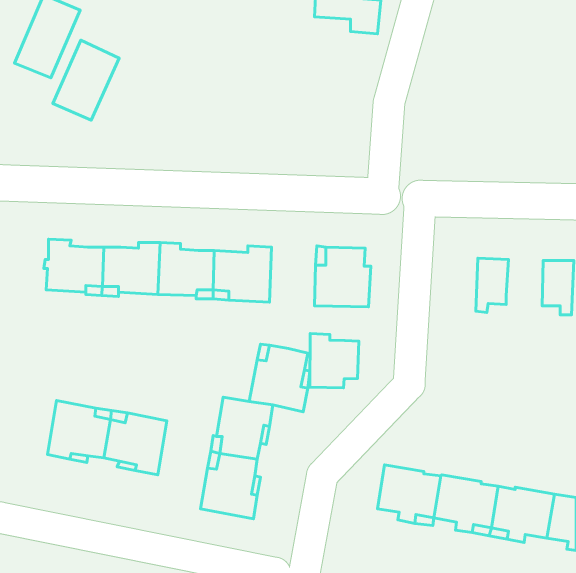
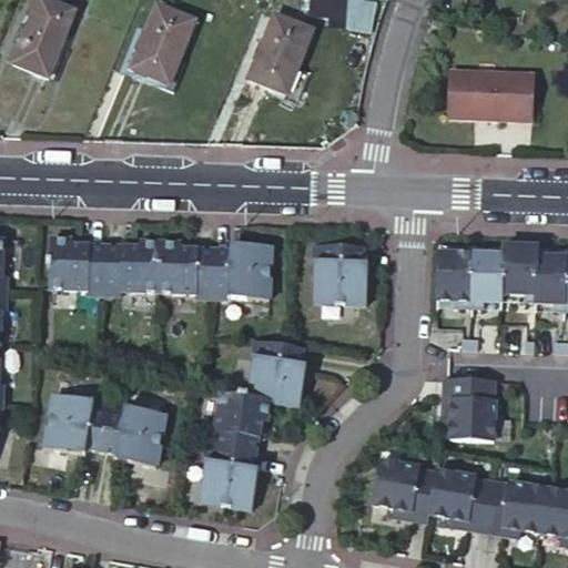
building: none -> [252,11,316,90]
building: [53,40,119,120] -> [132,7,197,85]
building: none -> [448,75,531,124]
building: none -> [498,245,536,301]
building: none -> [435,253,470,306]
building: [310,334,359,388] -> none
building: none -> [440,377,493,437]

